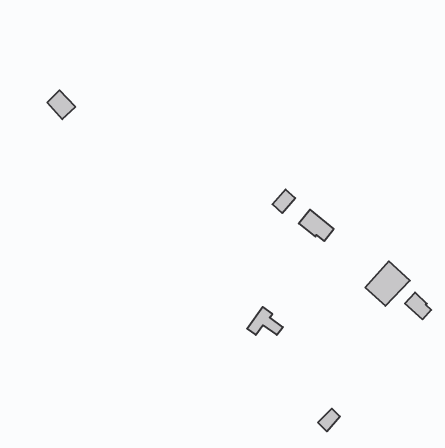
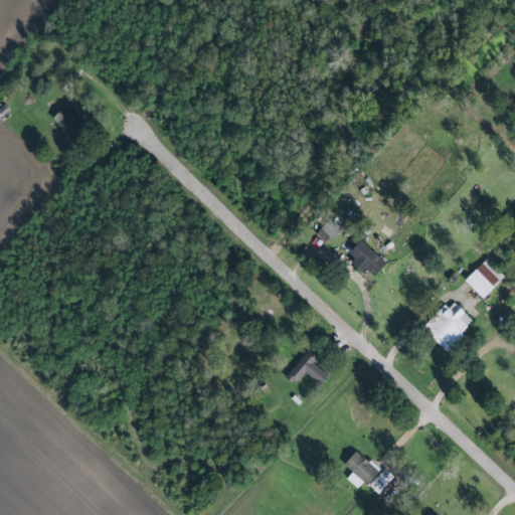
building: none -> [464,259,505,299]
building: [405,292,431,319] -> none
building: none -> [342,450,378,491]

